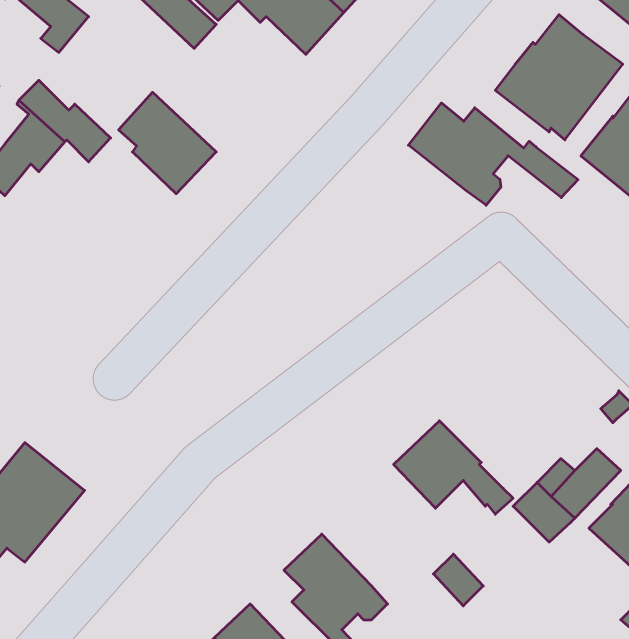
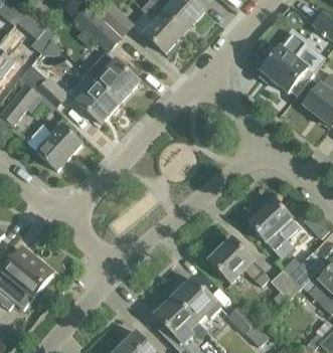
building: none -> [87,51,139,102]
building: [408,103,578,205] -> none
building: none -> [24,121,81,170]
building: none -> [248,198,300,255]
building: none -> [173,277,220,321]

